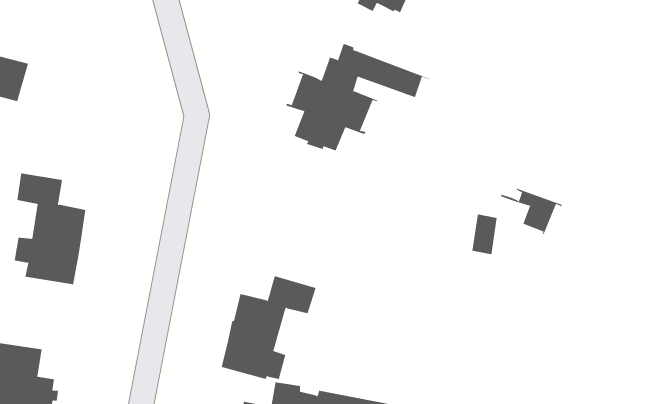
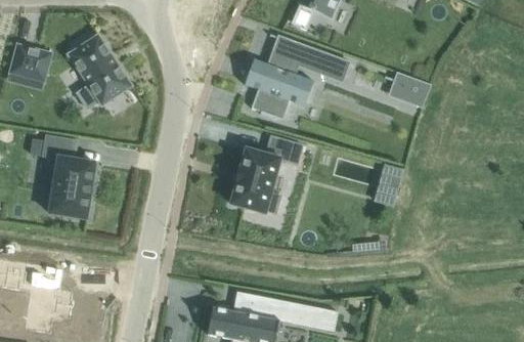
building: none -> [67,34,131,109]
building: [501,188,562,235] -> [384,72,430,106]
building: [221,276,316,379] -> [230,135,302,213]

